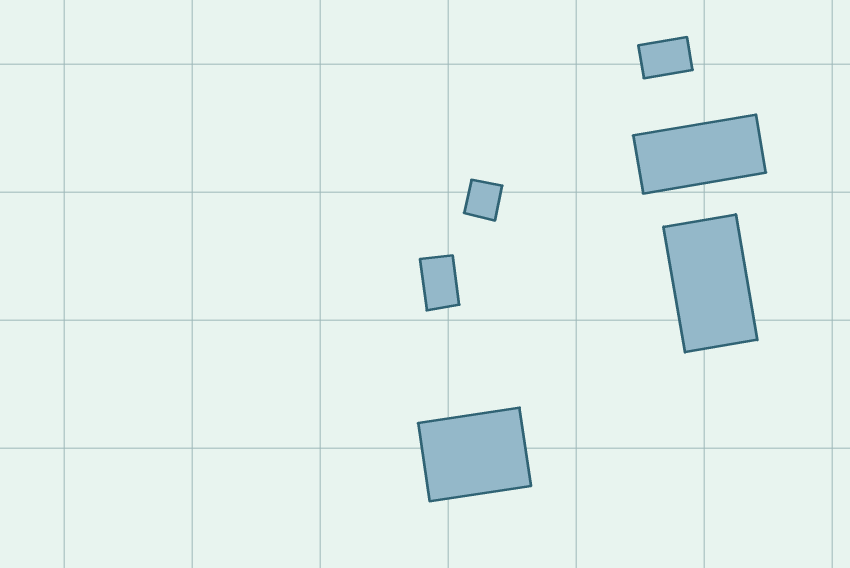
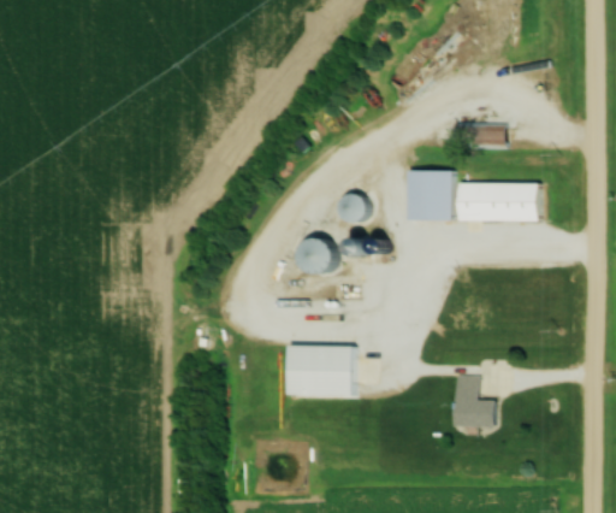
building: none -> [407,170,451,219]
building: [664,214,757,352] -> none
building: none -> [454,375,494,426]

